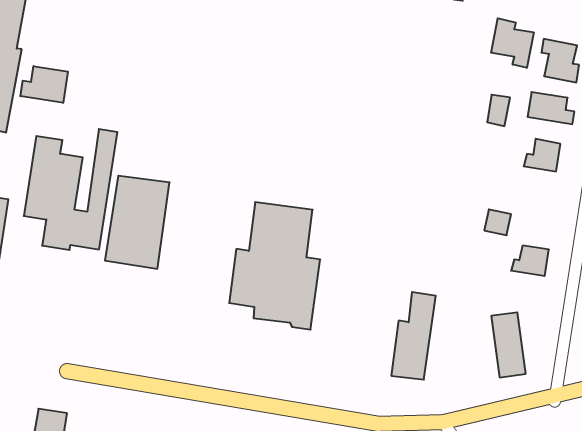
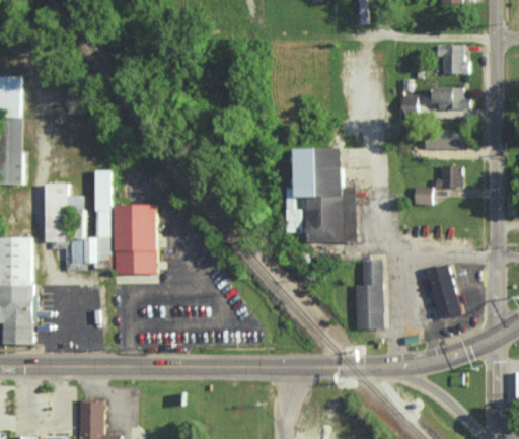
building: [491,18,534,68] -> none
building: [20,66,68,103] -> none
building: [229,202,320,330] -> [288,149,357,244]
building: [511,246,549,276] -> [434,166,461,188]

